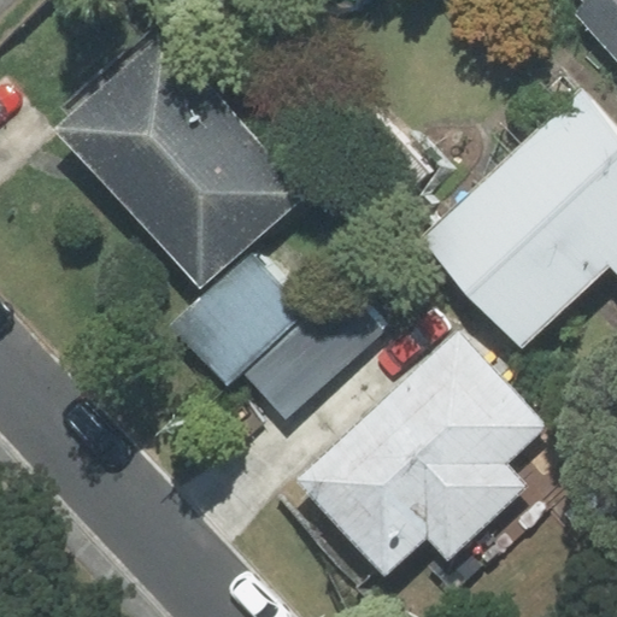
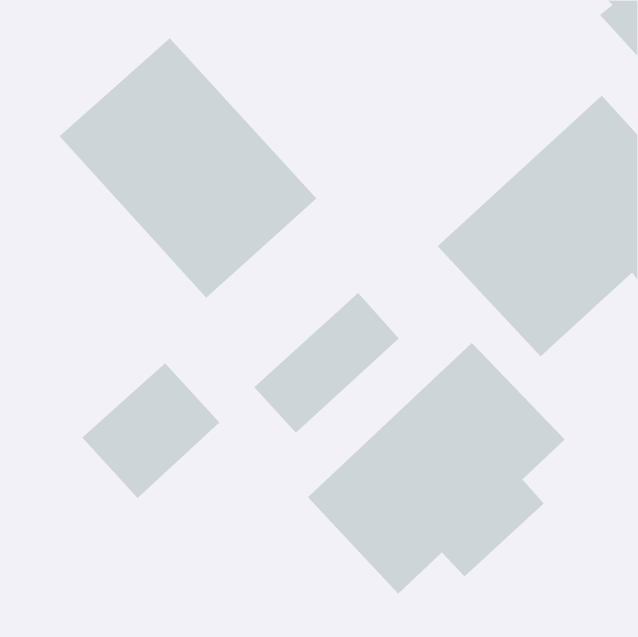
building: [172,253,306,384] -> [81,363,220,499]

